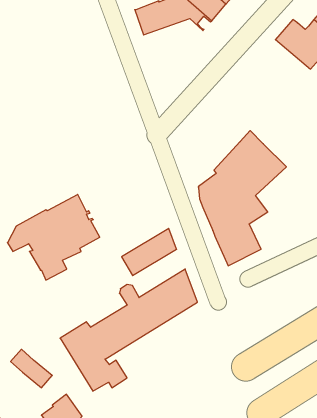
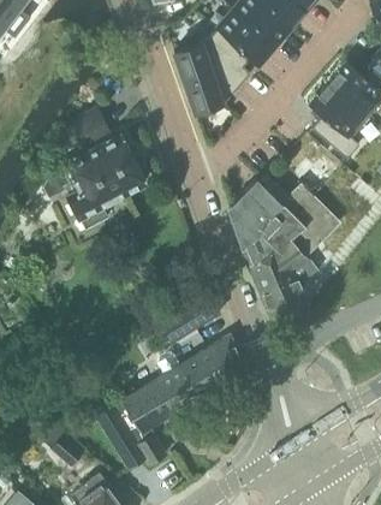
building: none -> [184,60,249,113]
building: none -> [310,83,367,158]
building: none -> [67,107,111,148]
building: none -> [230,178,290,244]
building: [7,194,100,280] -> [43,135,144,228]

